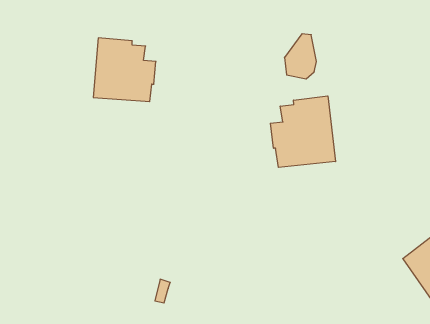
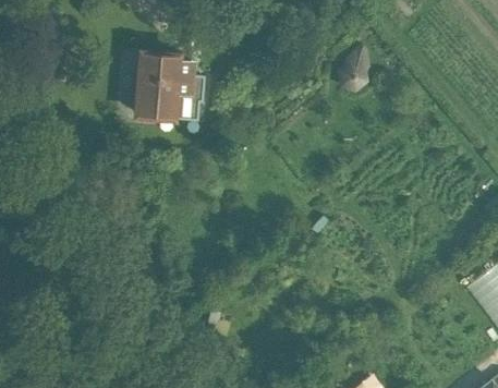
building: [270,96,336,167] -> none

